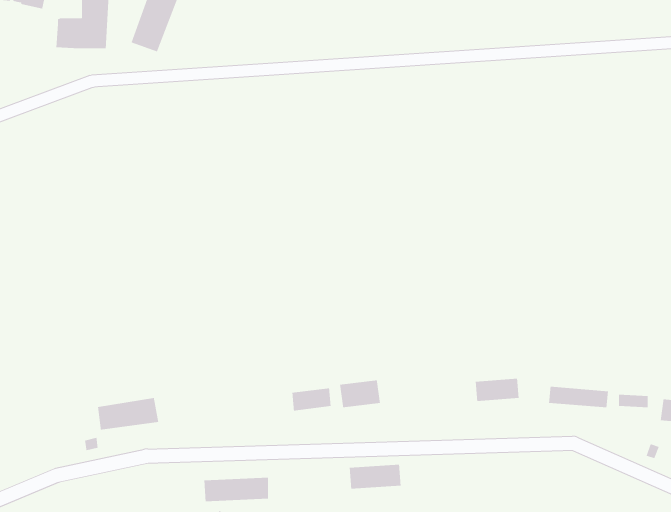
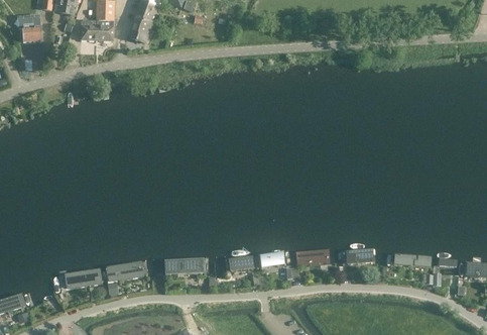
building: none -> [65,267,103,289]
building: [349,464,402,489] -> [296,248,330,264]
building: [203,477,269,502] -> [163,257,205,273]

